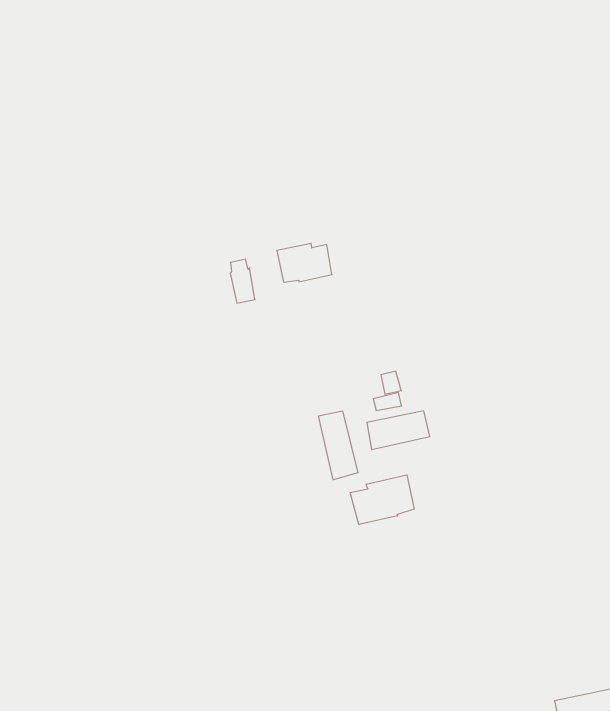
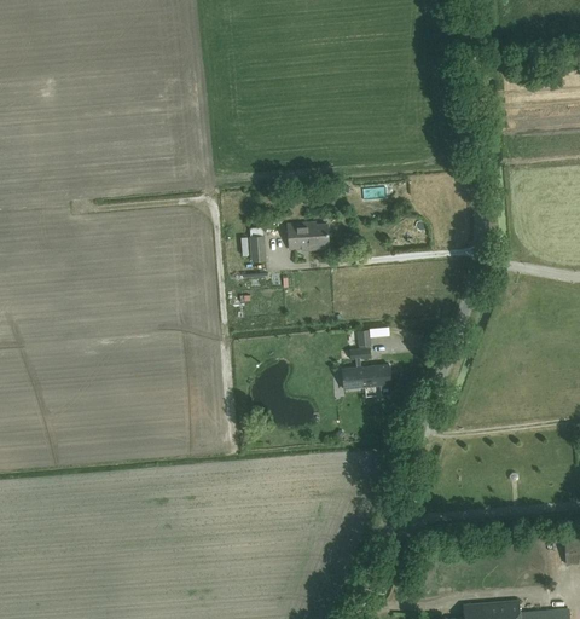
building: [319,411,358,480] -> none
building: [350,475,414,525] -> none

